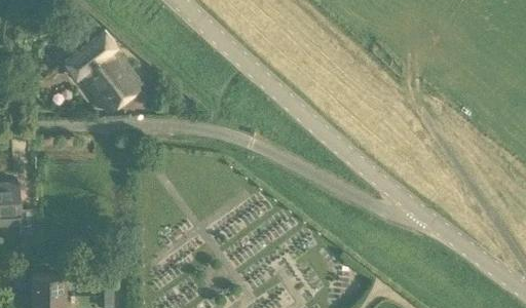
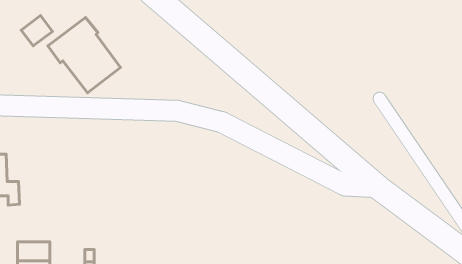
building: none -> [21,16,52,46]

